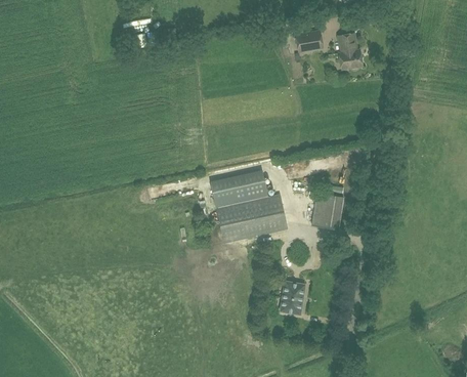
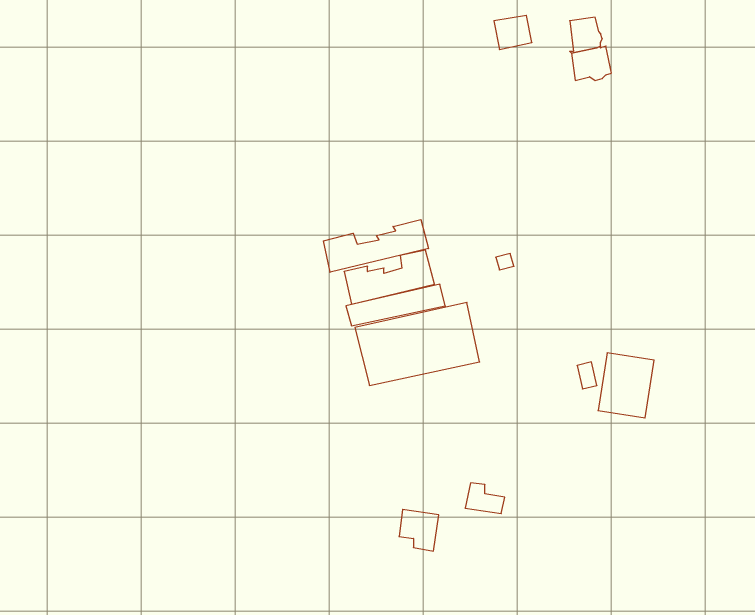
building: none -> [324,220,428,272]
building: [311,193,343,229] -> [598,353,654,418]
building: [283,282,305,305] -> [399,509,439,551]

